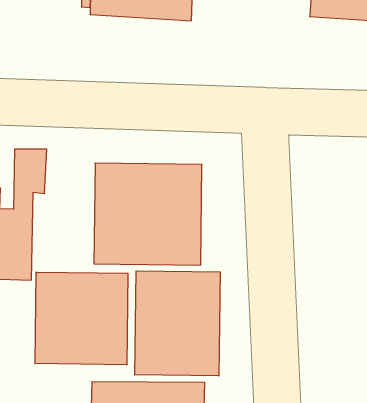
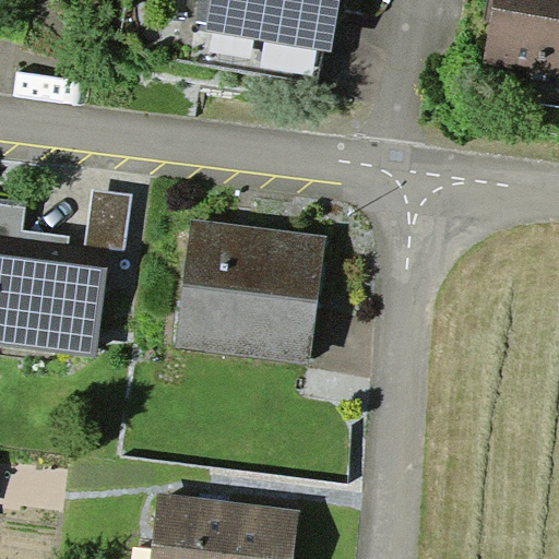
building: [135,271,220,376] -> none
building: [35,272,128,365] -> none

